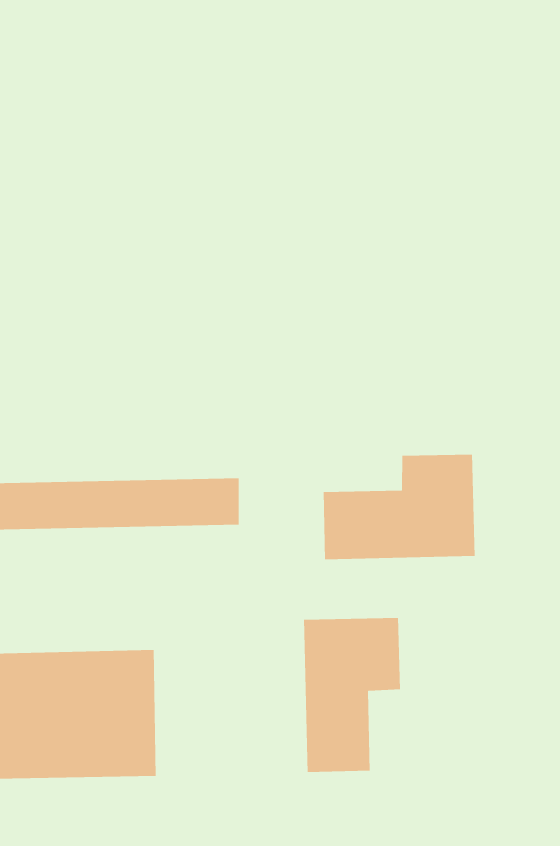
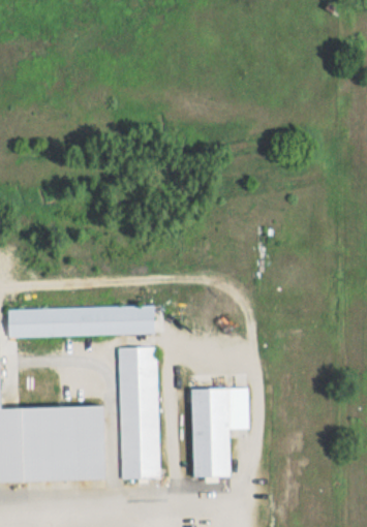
building: [323,454,476,560] -> none
building: none -> [118,345,159,478]

